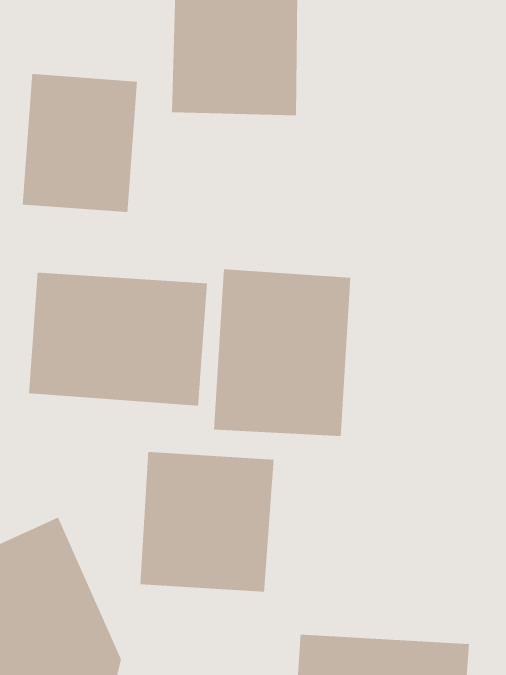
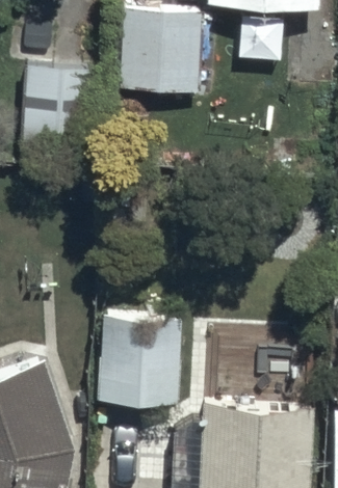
building: [213,269,351,437] -> none
building: [28,272,208,407] -> none

